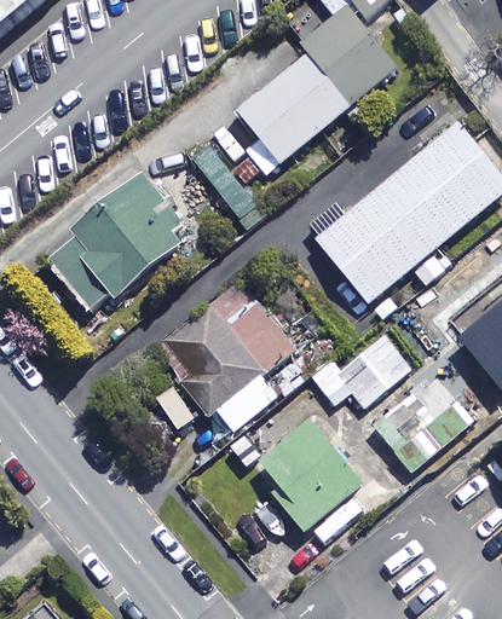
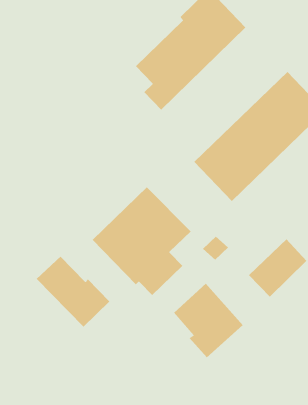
building: [45,187,186,322] -> none
building: [344,329,412,406] -> none
building: none -> [36,256,110,327]

